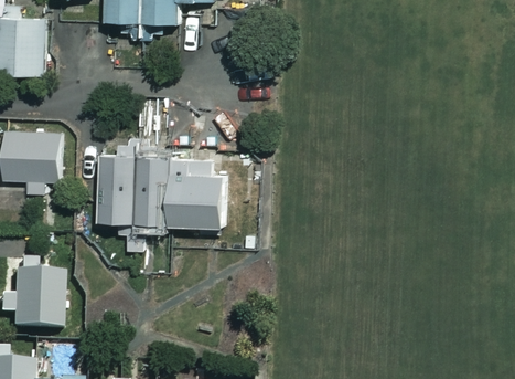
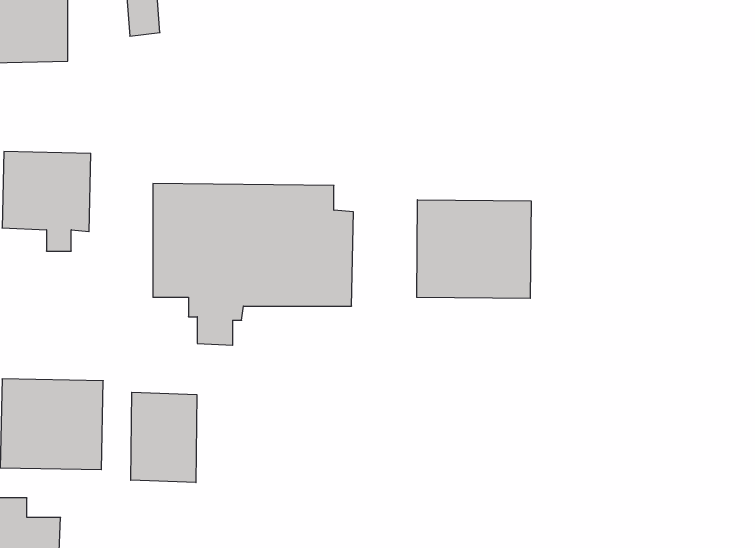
building: none -> [417,200,531,298]
building: none -> [131,392,197,483]

